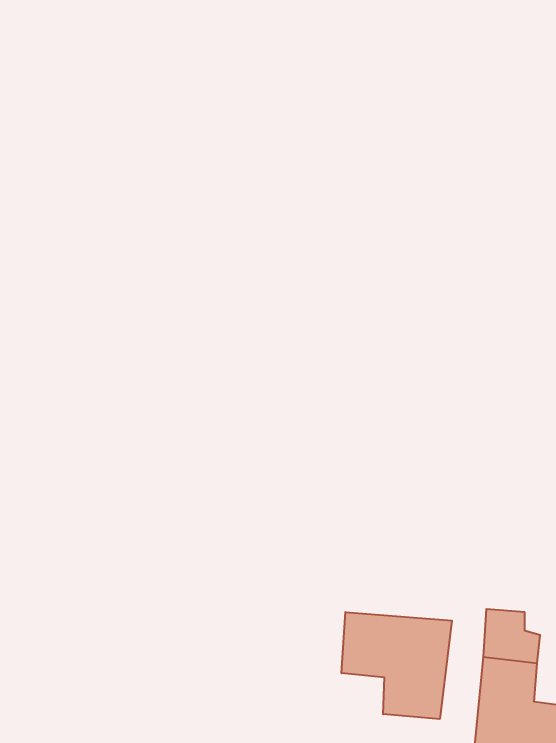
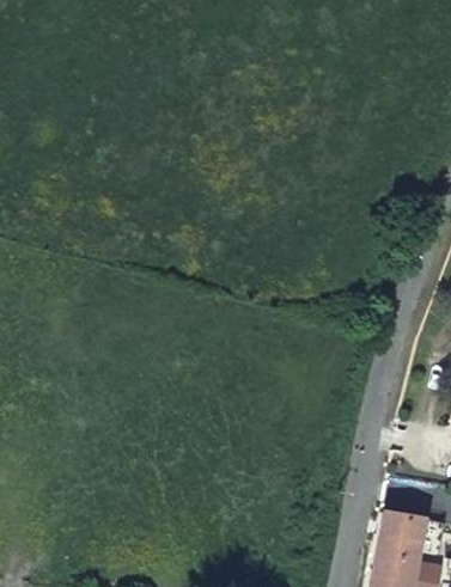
building: [342,612,452,719] -> none

